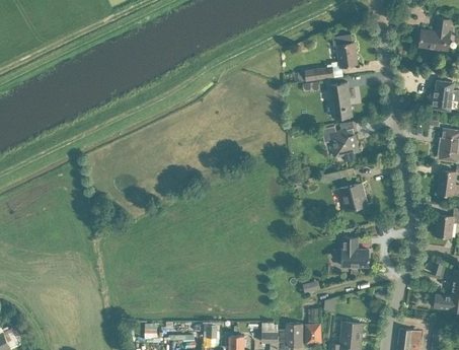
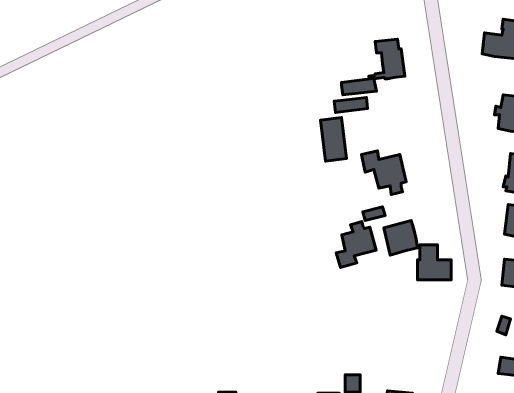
building: [330,82,352,118] -> [321,118,347,161]
building: none -> [336,222,376,267]
building: [341,237,369,266] -> [418,245,451,280]

